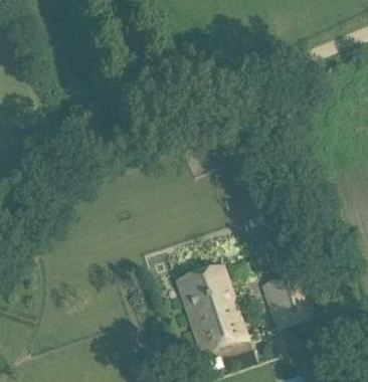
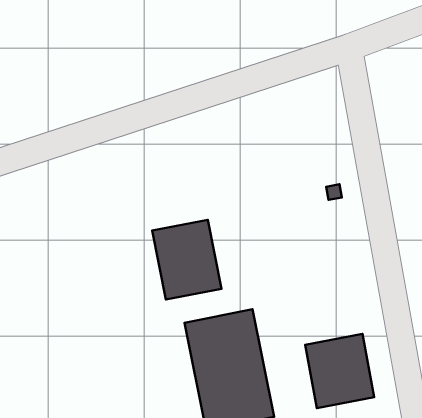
building: none -> [152,220,222,300]

